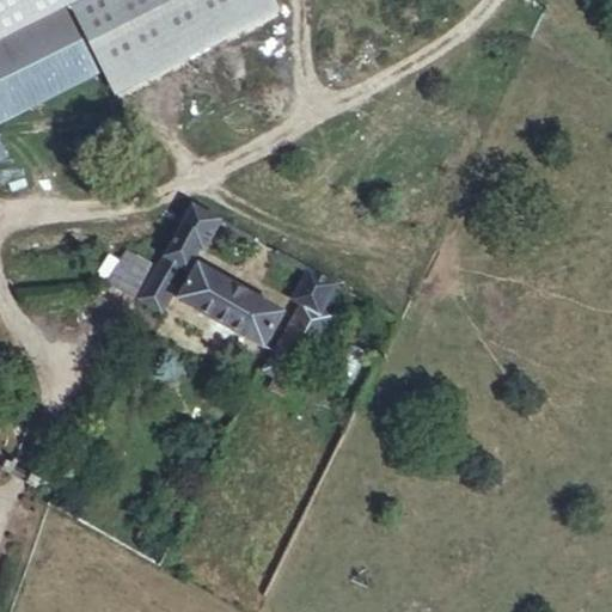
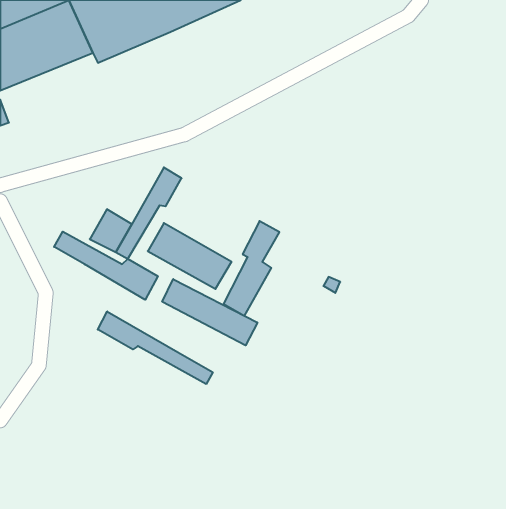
building: none -> [54,232,158,300]
building: none -> [162,279,257,345]
building: none -> [98,311,213,384]

